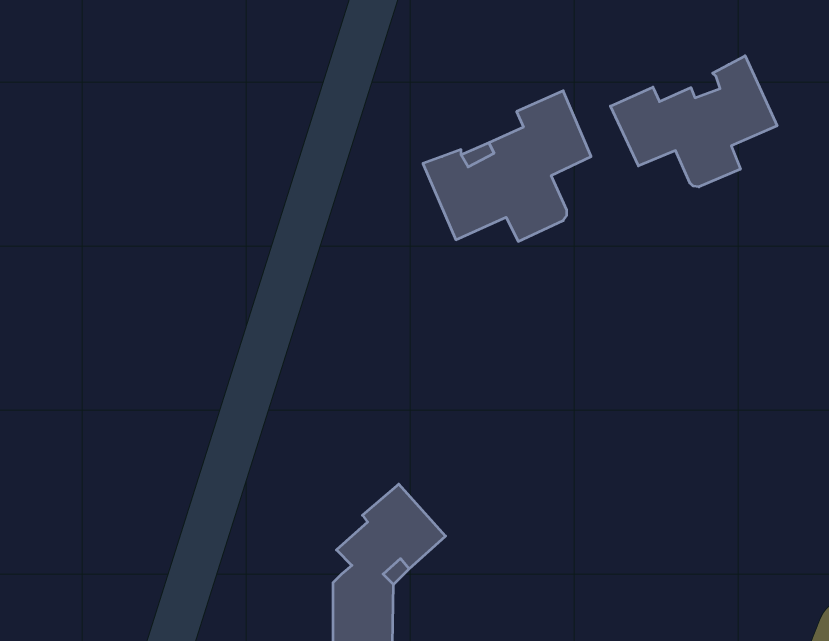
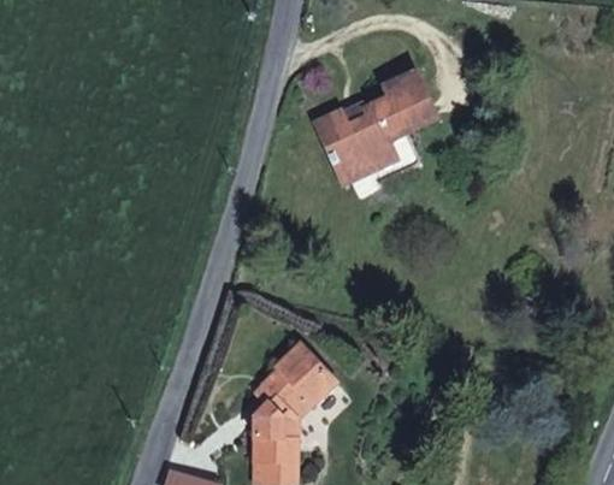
building: [610,56,777,187] -> none

